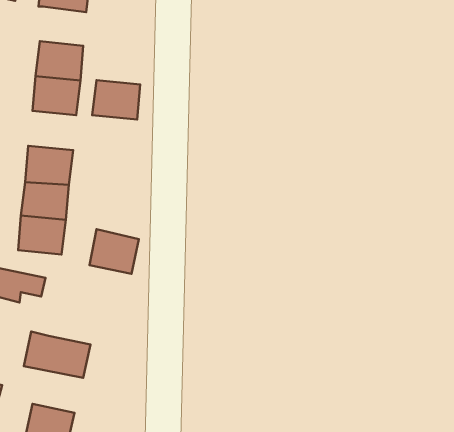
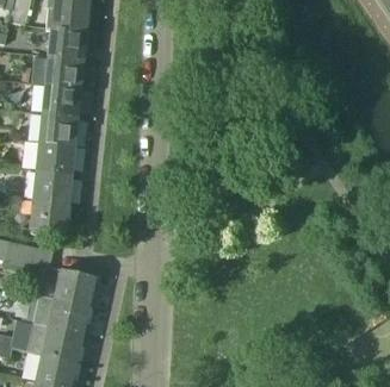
building: none -> [48,29,86,61]
building: [92,80,140,119] -> [38,114,78,146]
building: [89,229,139,274] -> [55,269,95,306]
building: none -> [27,324,83,362]

